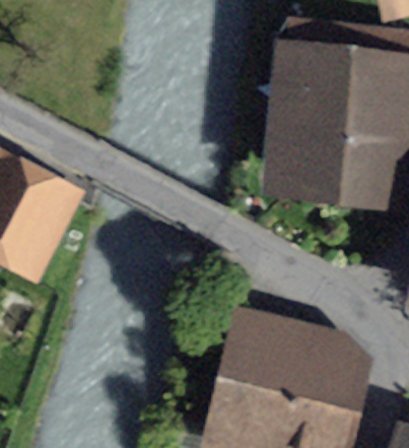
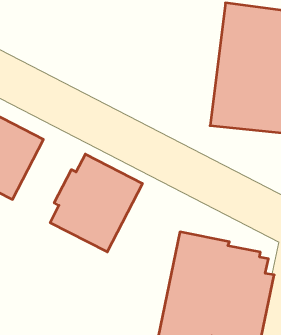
building: none -> [50,154,142,252]

